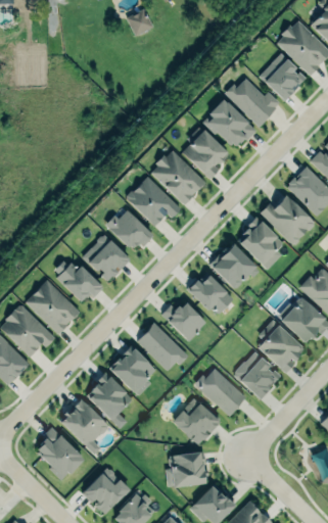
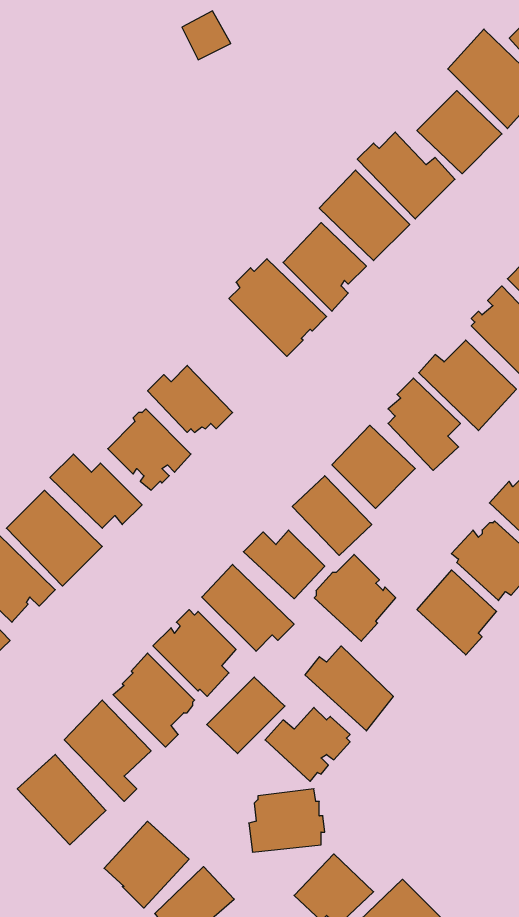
building: [128,176,182,226] -> none
building: [233,349,279,398] -> [314,554,396,641]
building: none -> [207,677,285,754]

